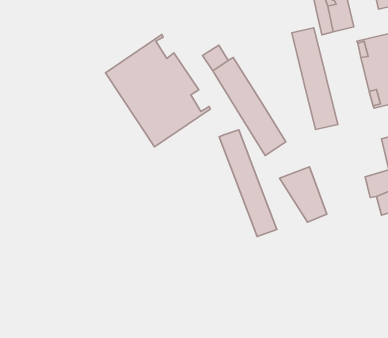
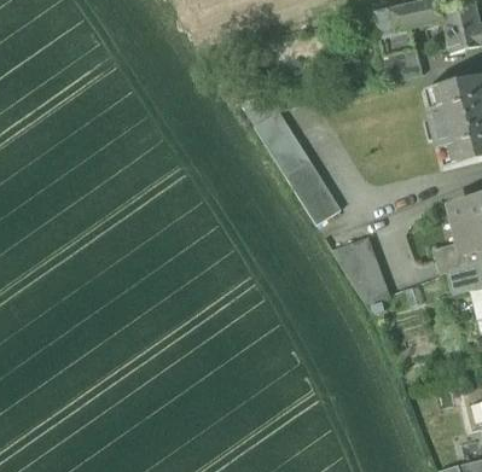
building: [292,28,338,130] -> none
building: [105,34,210,147] -> none
building: [219,130,277,236] -> none

